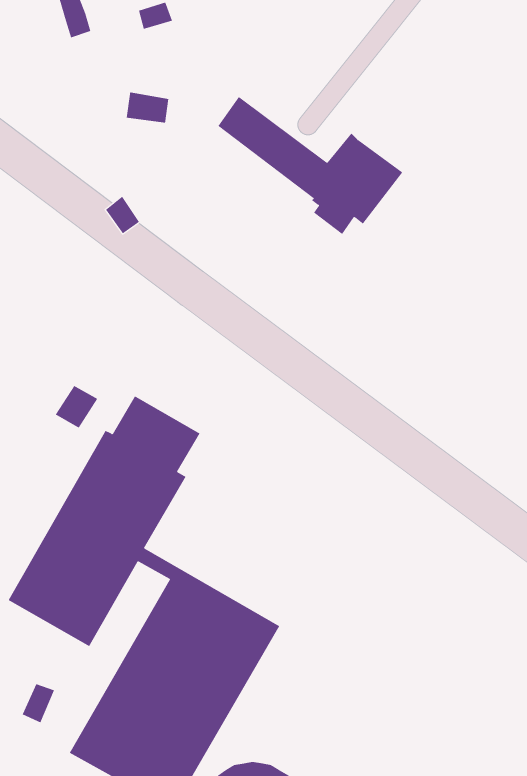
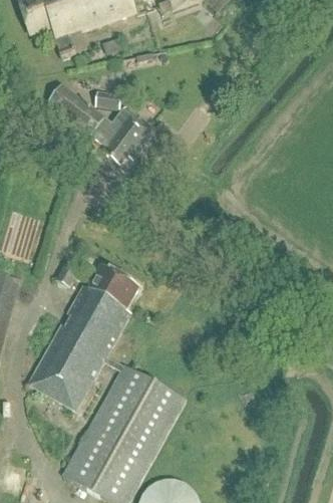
building: [218,96,403,235] -> [48,84,155,165]

